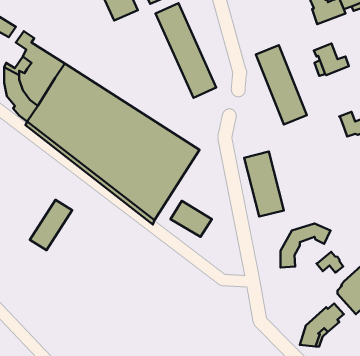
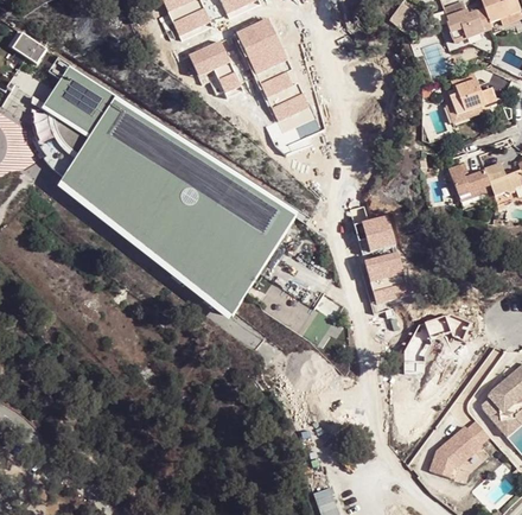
building: none -> [187,38,242,96]
building: [256,45,307,124] -> none
building: none -> [450,165,491,197]
building: [30,200,72,250] -> none
building: [316,252,343,273] -> none

